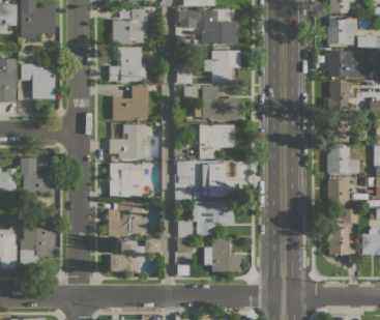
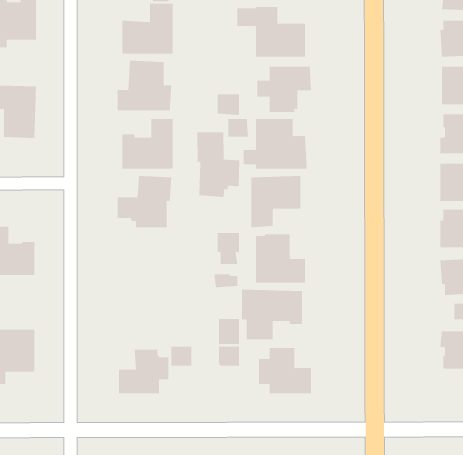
building: none -> [197,132,240,198]
building: [109,163,143,197] -> none
building: [108,202,146,236] -> none

